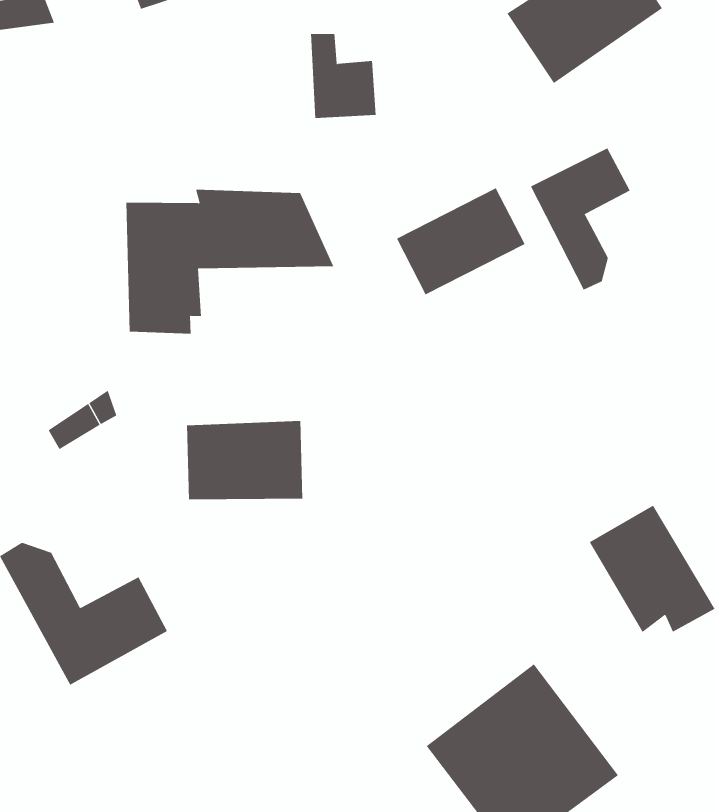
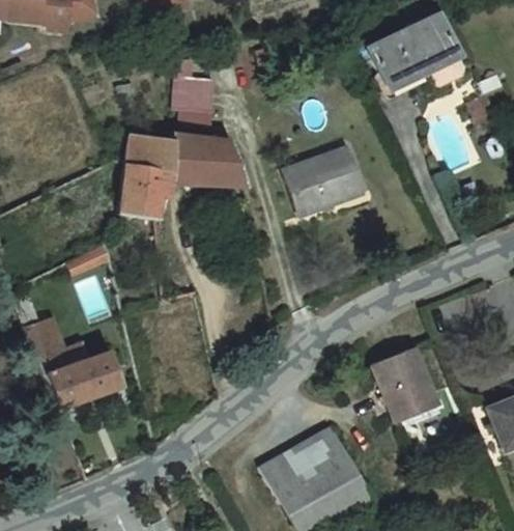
building: [310,33,377,118] -> [176,61,215,114]
building: [530,148,630,291] -> none
building: [186,420,303,500] -> none

